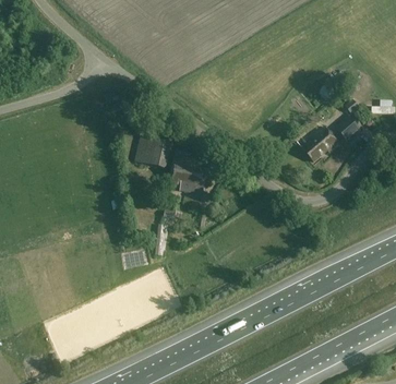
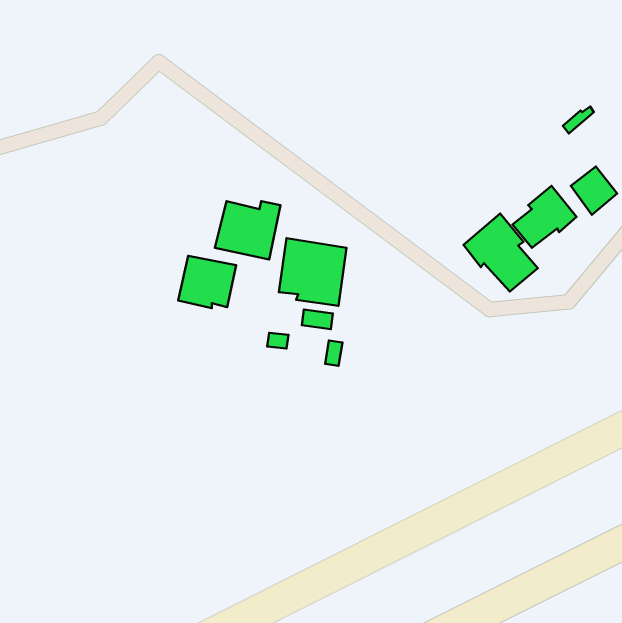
building: none -> [463,214,538,292]
building: none -> [178,256,236,308]

